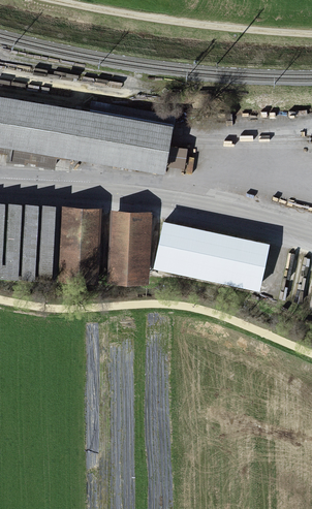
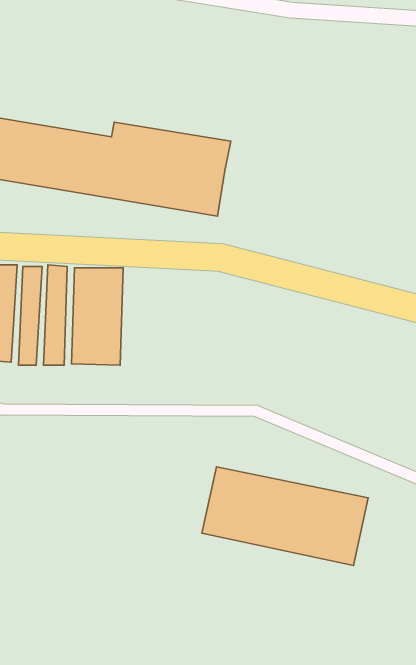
building: [111,210,152,281] -> none
building: [153,223,270,292] -> [202,467,368,566]

